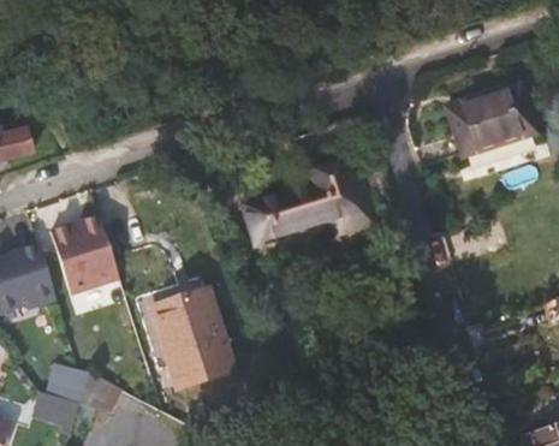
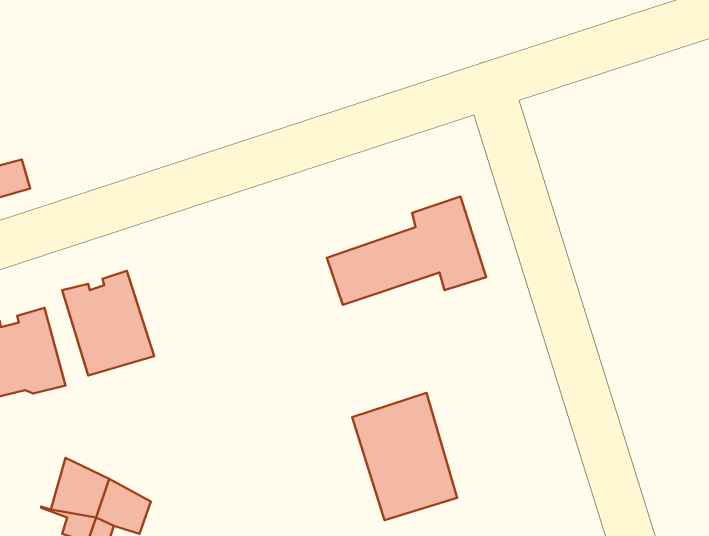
building: [446,84,533,156] -> none
building: [151,292,230,387] -> [352,393,457,520]

